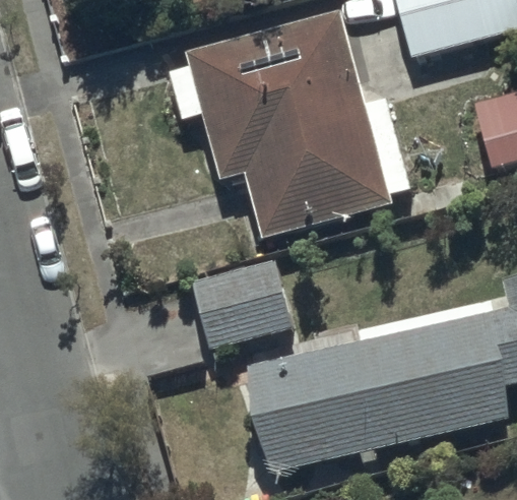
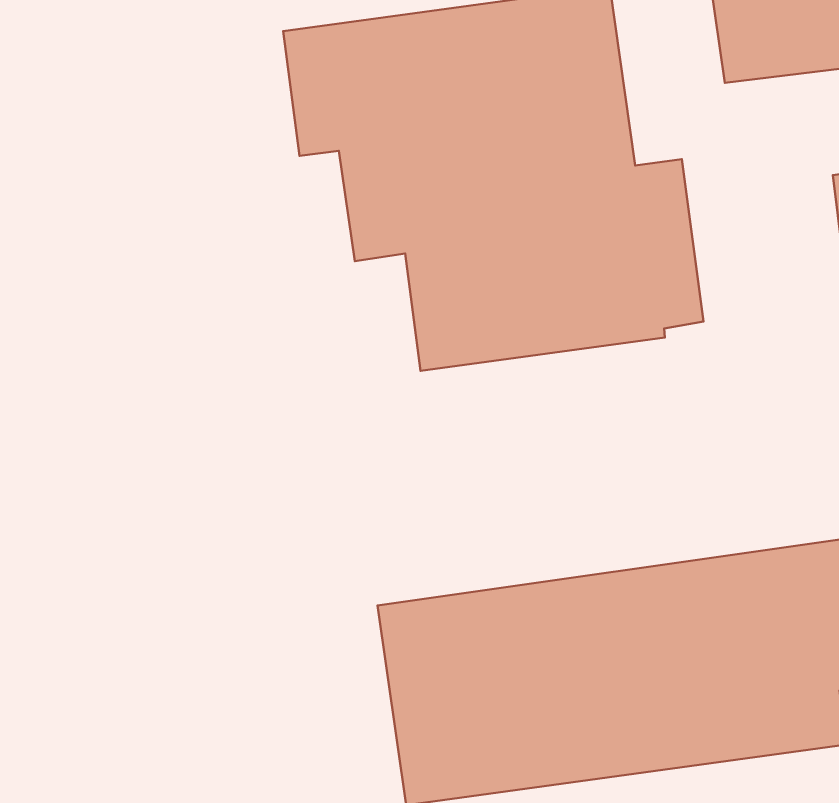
building: [195,259,296,352] -> none

